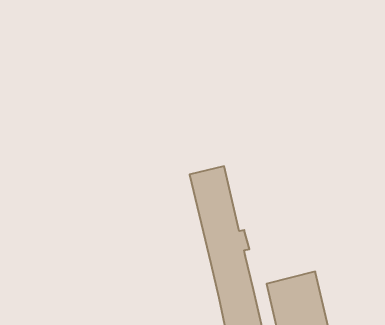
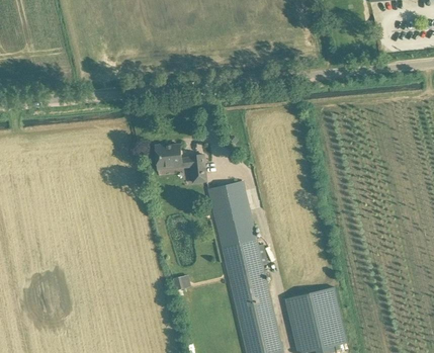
building: none -> [155,144,206,183]

